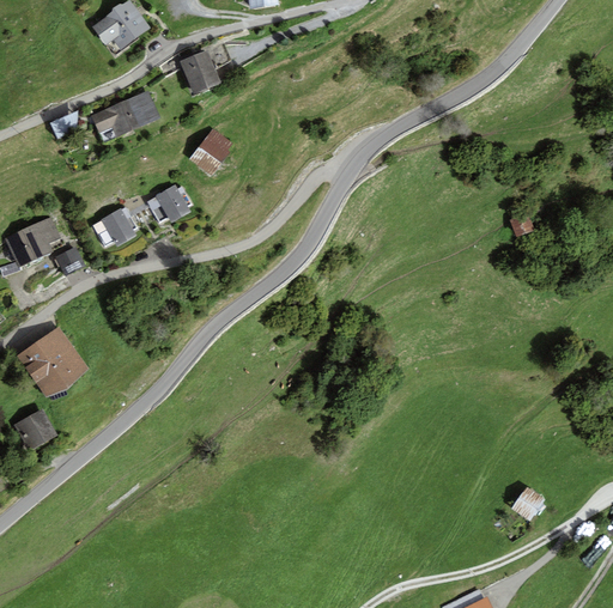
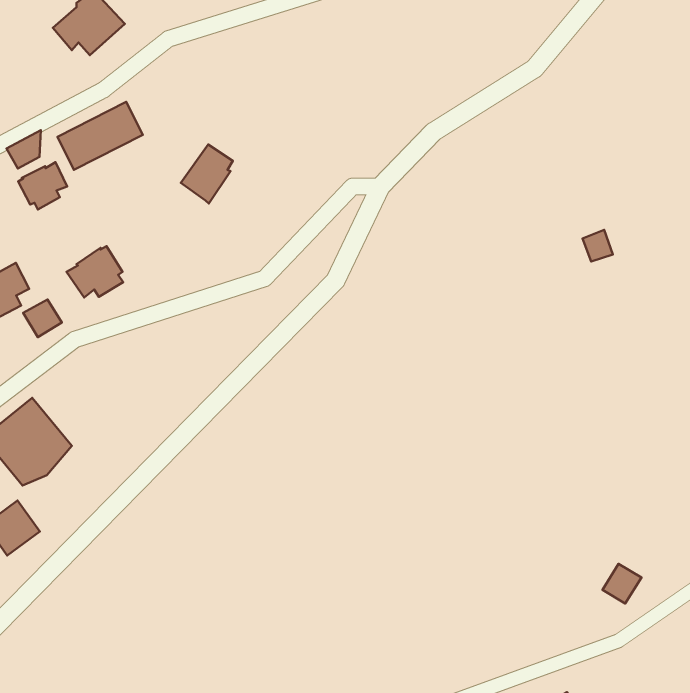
building: [180,49,219,93] -> none
building: none -> [18,162,67,209]
building: [146,184,190,223] -> none

